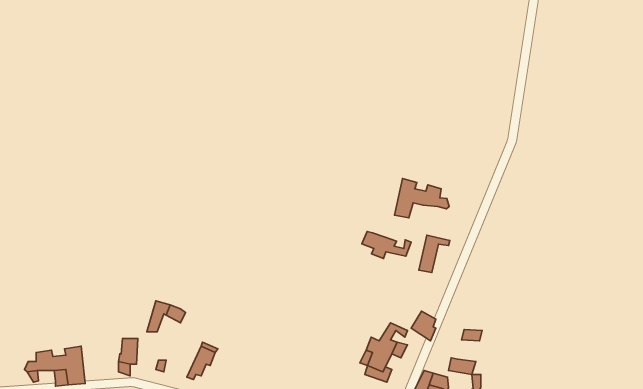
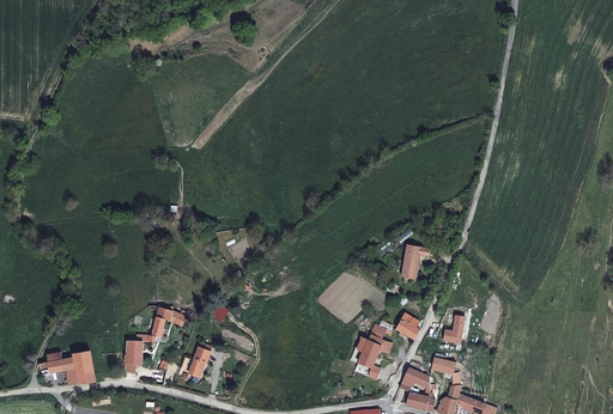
building: [394,178,449,218] -> none
building: [362,231,411,258] -> none

